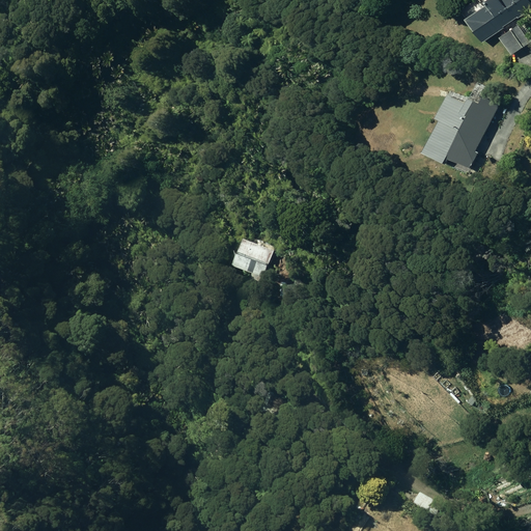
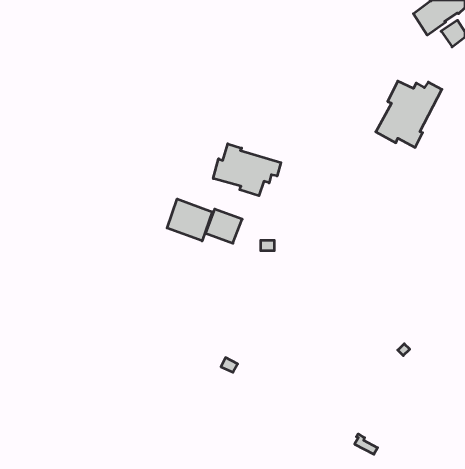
building: none -> [213,144,281,196]
building: none -> [167,199,212,241]

